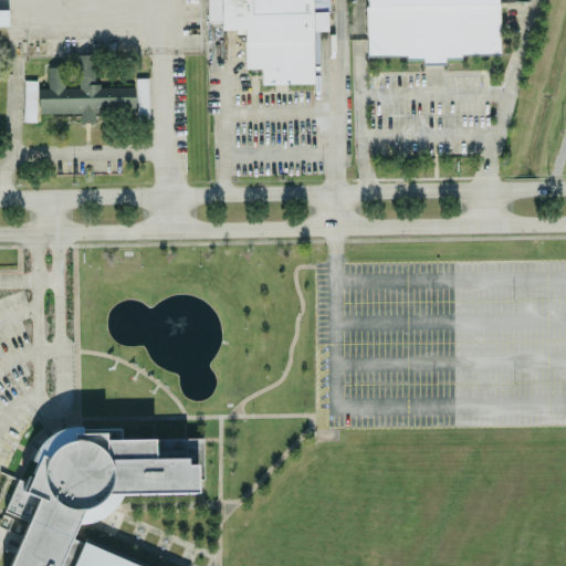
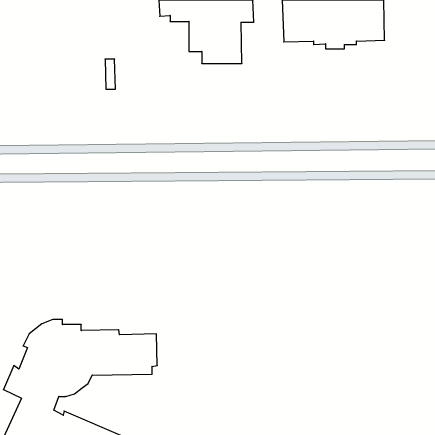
building: [25,55,137,124] -> none

